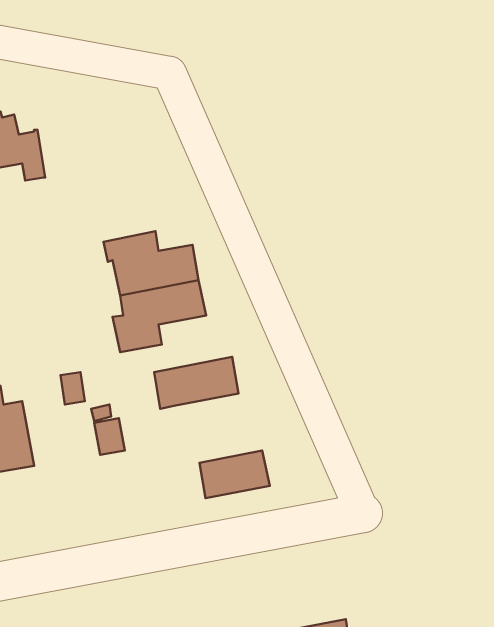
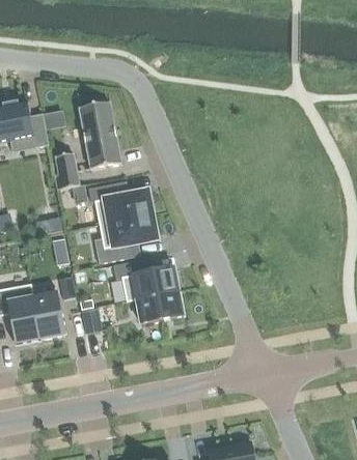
building: none -> [79,102,120,168]
building: none -> [55,152,78,189]
building: none -> [32,290,64,339]
building: [199,451,270,498] -> [134,292,182,324]

